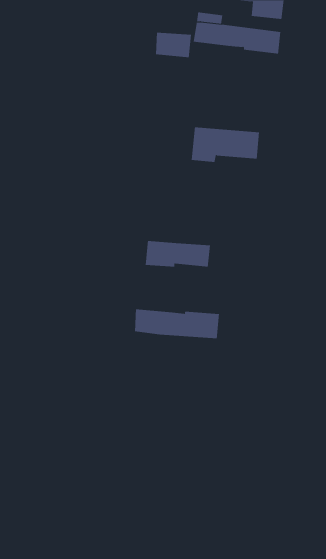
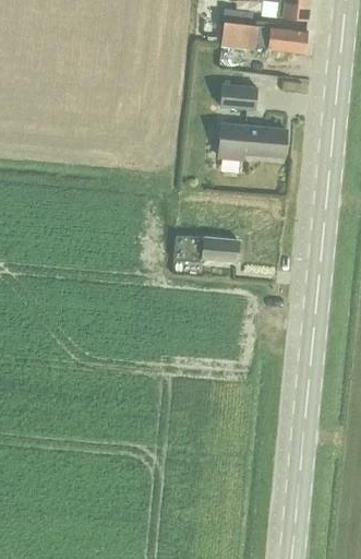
building: [155,32,192,58] -> [221,85,257,110]
building: [135,309,220,339] -> none

